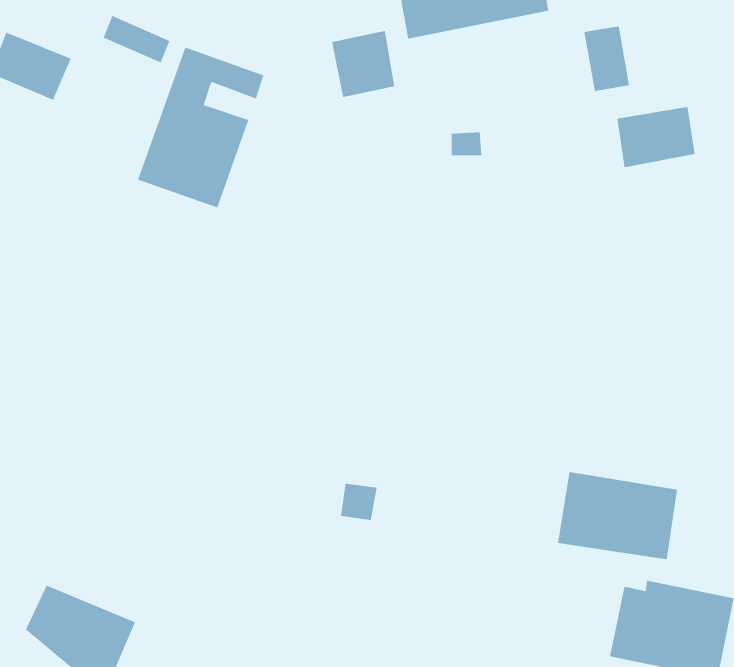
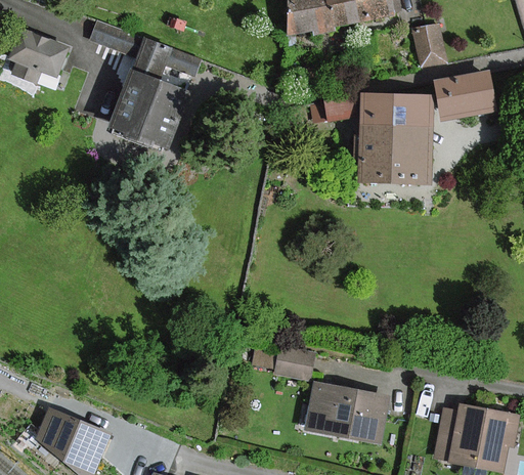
building: [331,30,395,98] -> none
building: none -> [358,95,433,186]
building: [557,472,678,560] -> [306,383,389,443]
building: none -> [274,349,315,382]

